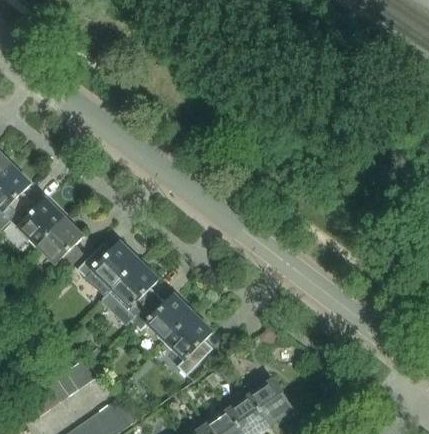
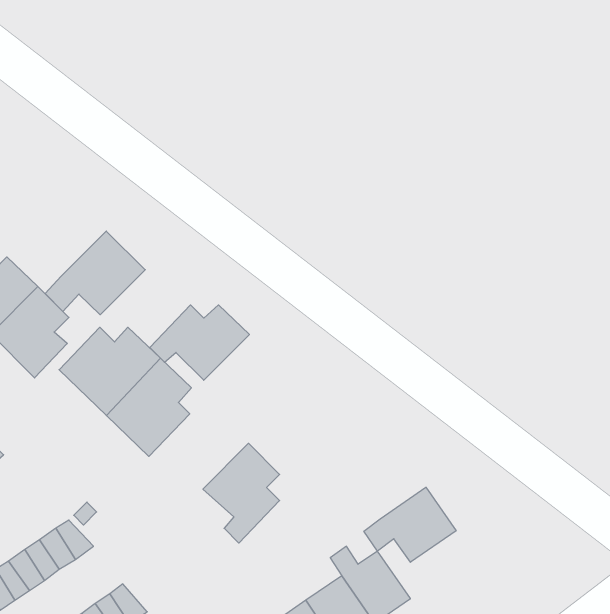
building: none -> [45,231,145,315]
building: [133,295,194,341] -> [150,305,249,380]
building: none -> [364,487,456,562]

